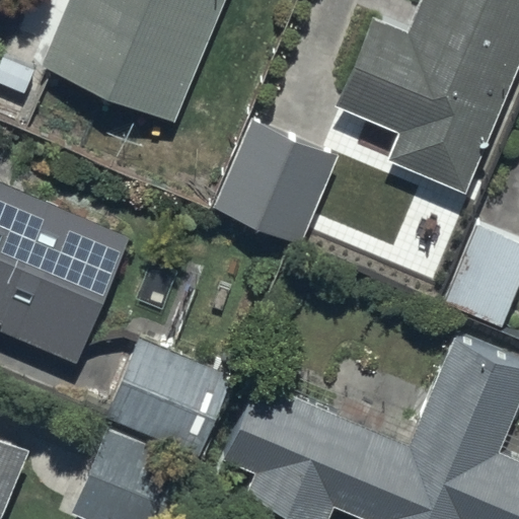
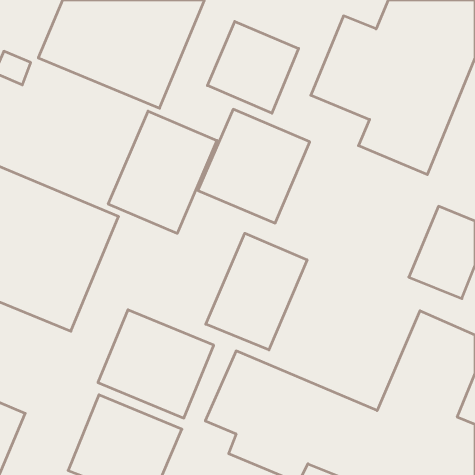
building: none -> [207,21,299,113]
building: none -> [108,111,217,233]
building: none -> [206,233,307,350]

